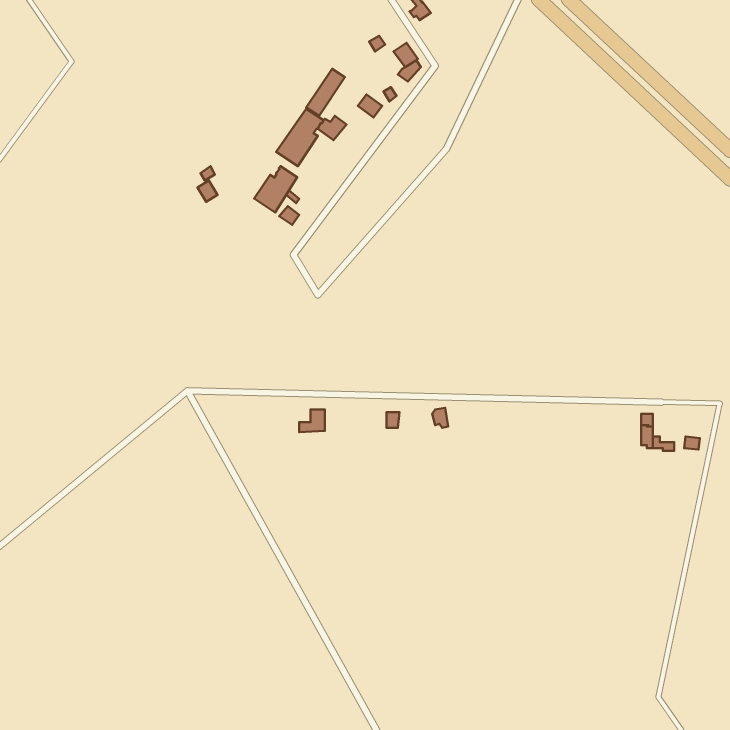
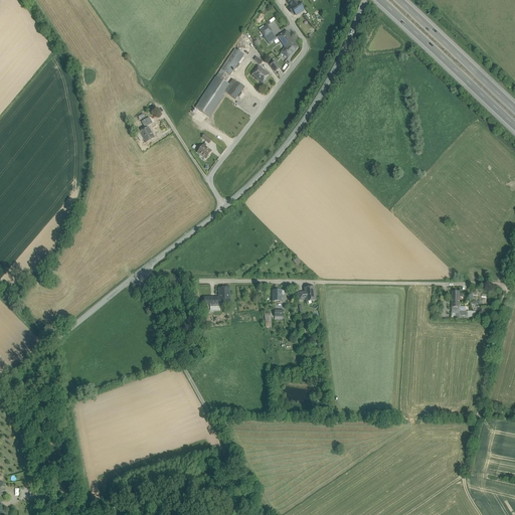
building: [254,166,297,212] -> none

